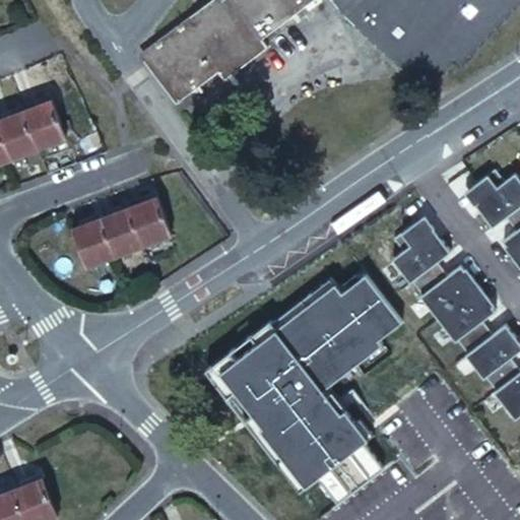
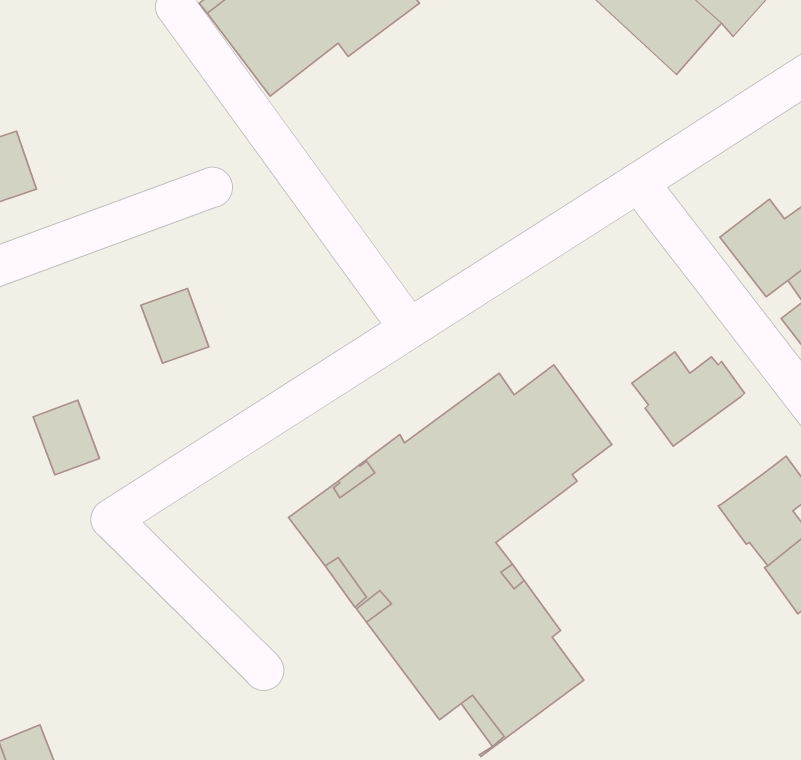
building: [30,112,69,156] -> none
building: [135,207,175,253] -> none
building: [387,209,447,277] -> none
building: [79,228,120,273] -> [33,400,99,475]
building: [433,281,492,349] -> none

